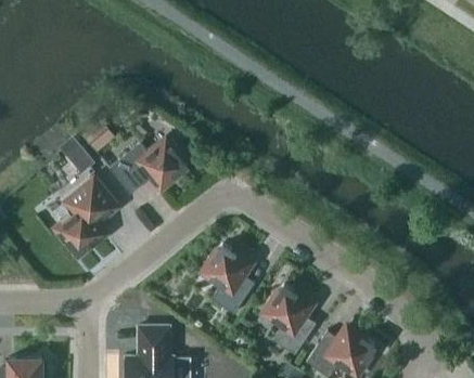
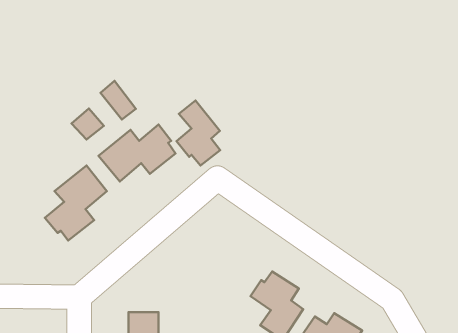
building: none -> [177,100,220,165]
building: [59,134,94,173] -> [100,81,136,120]
building: [201,244,255,313] -> none

